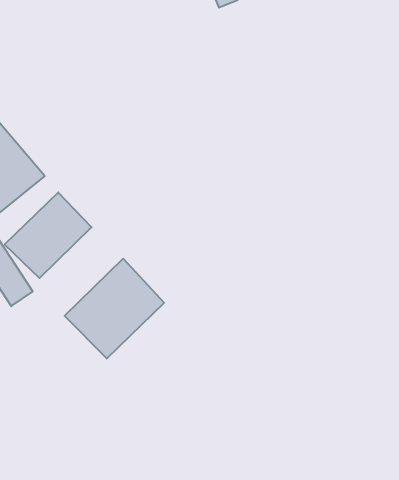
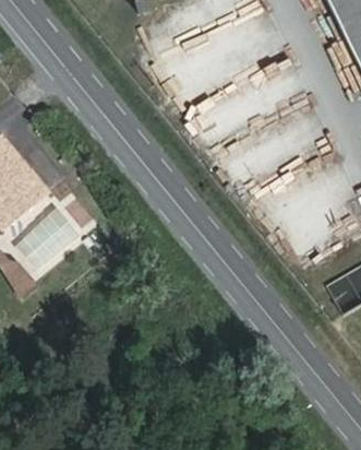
building: [65,259,164,359] -> none

